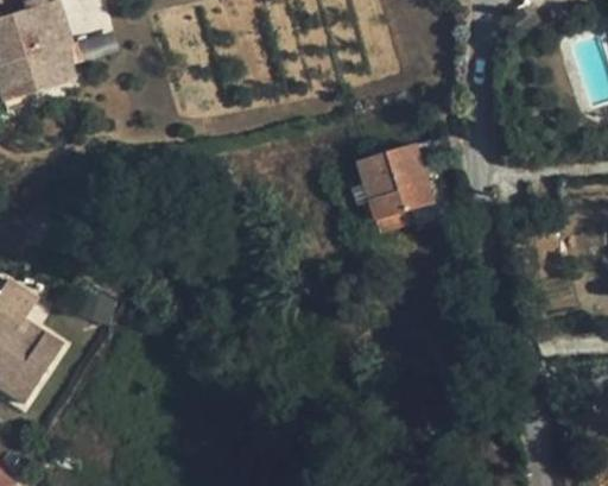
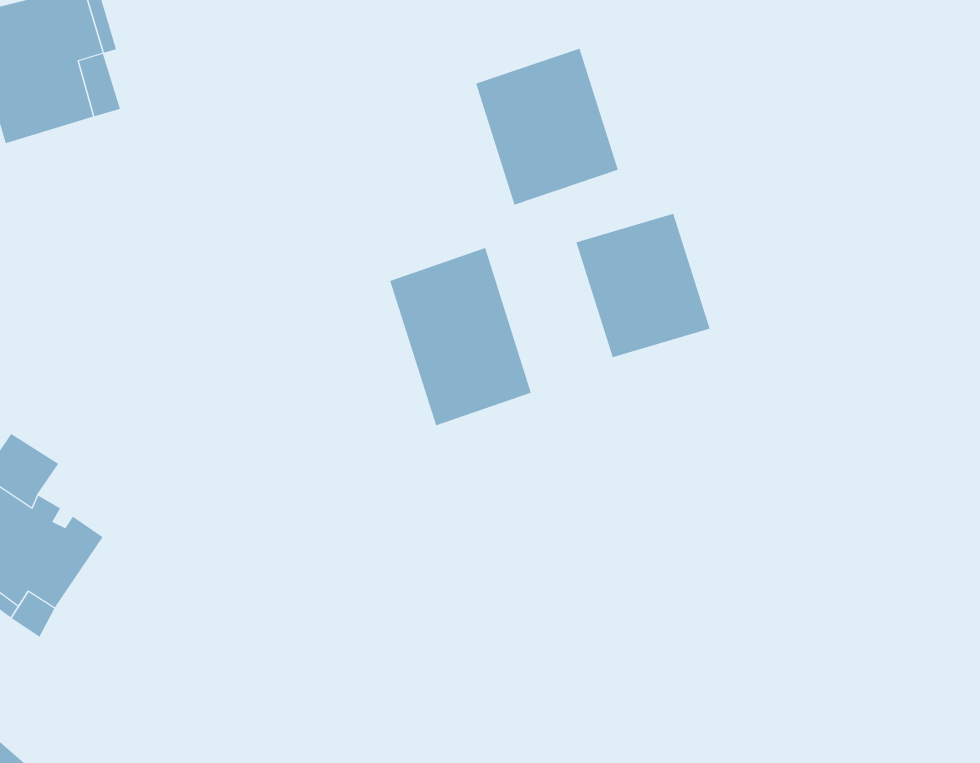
building: none -> [475,48,619,206]
building: none -> [390,247,532,426]

